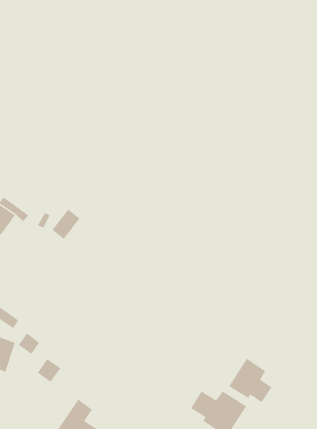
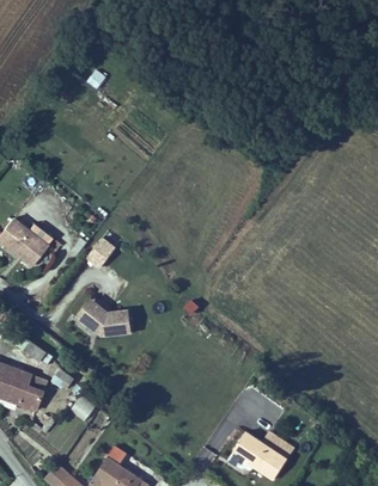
building: none -> [74,297,132,338]
building: [228,358,272,403] -> none

